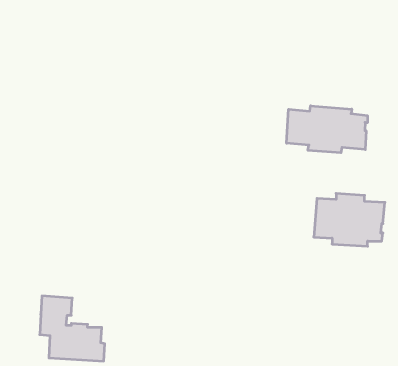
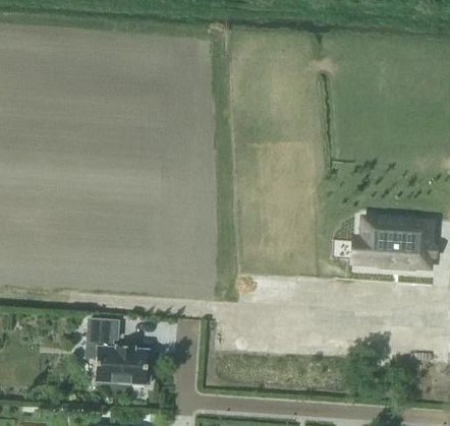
building: [287,106,367,153] -> none

